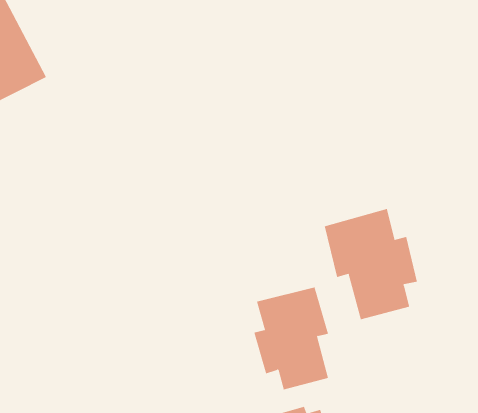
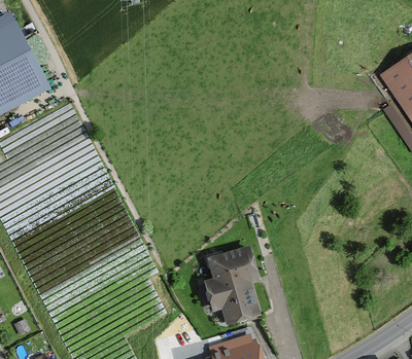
building: [324,208,418,320] -> none

